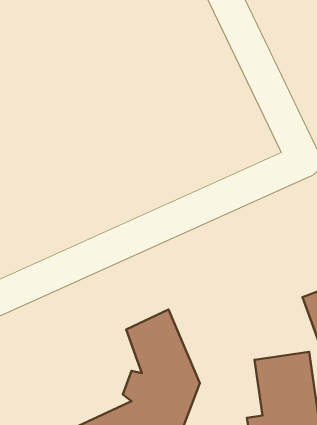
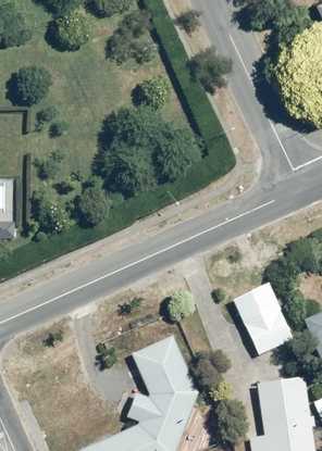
building: none -> [233,281,297,354]

